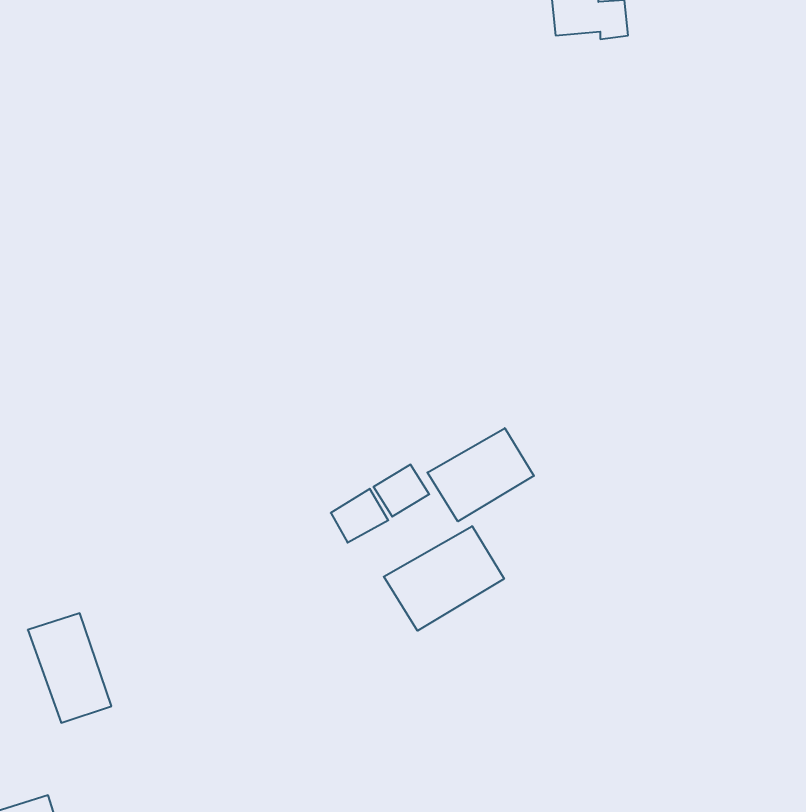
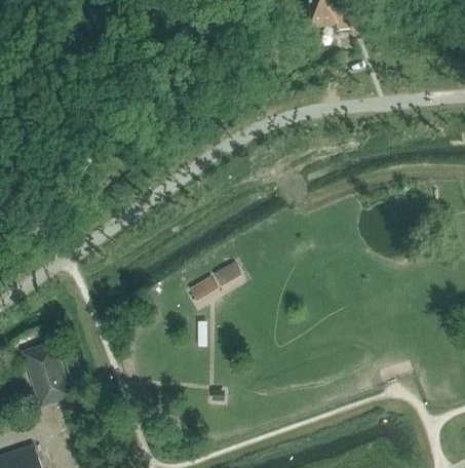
building: [427,428,534,521] -> none
building: [384,526,504,631] -> none

